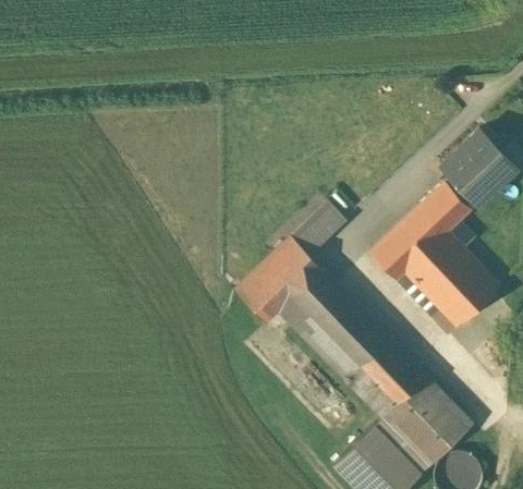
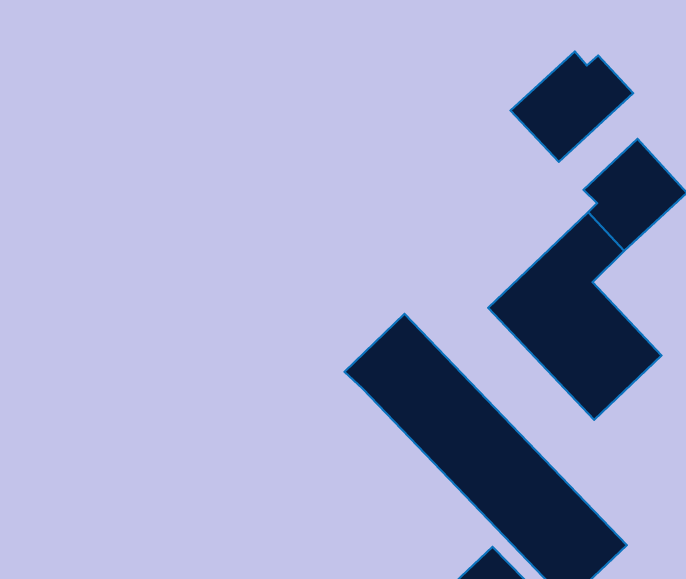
building: none -> [510,51,633,162]
building: [235,201,346,323] -> none

